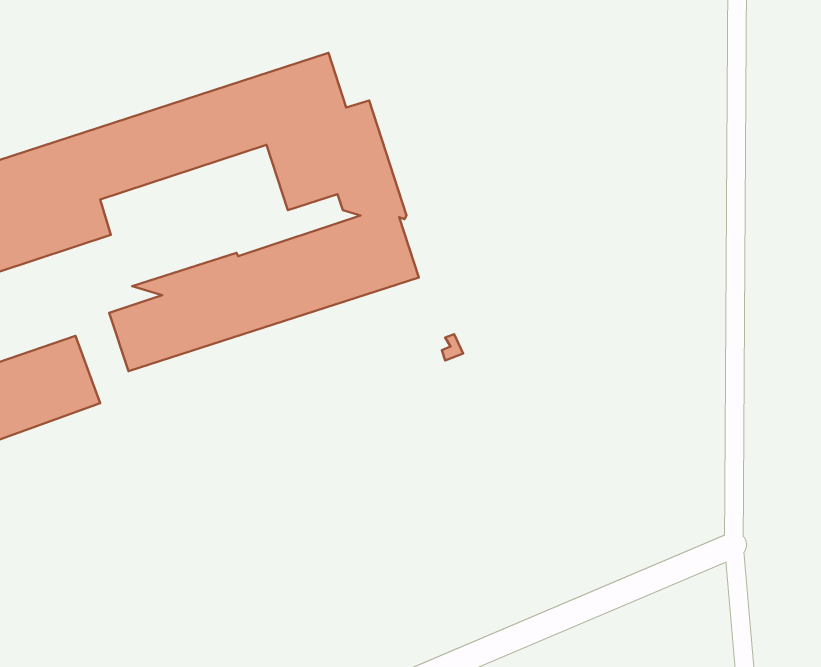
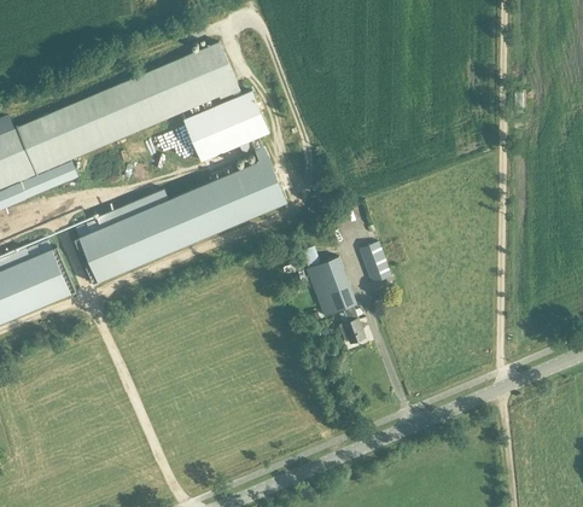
building: none -> [358,243,391,285]
building: none -> [307,260,366,345]

